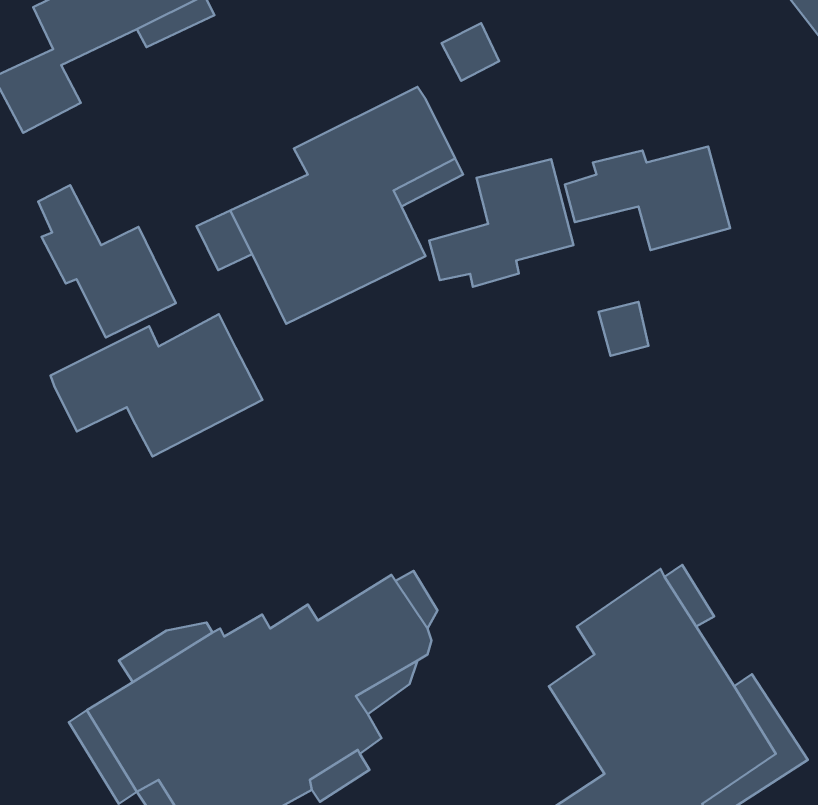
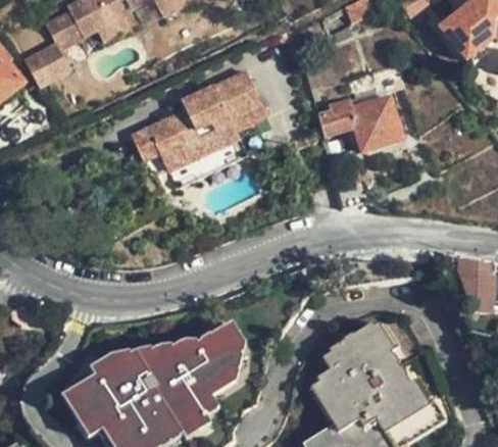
building: [429,159,573,287] -> none
building: [38,185,176,337] -> none
building: [51,314,263,457] -> none

